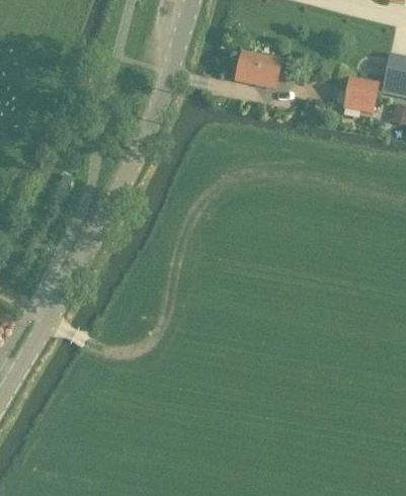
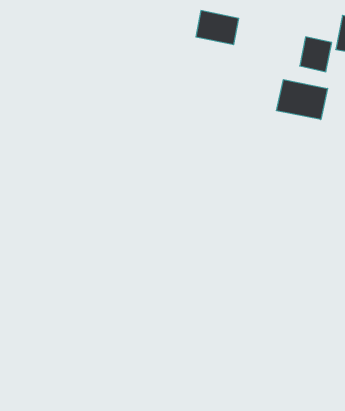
building: none -> [277,80,328,120]

